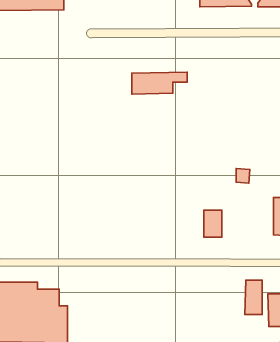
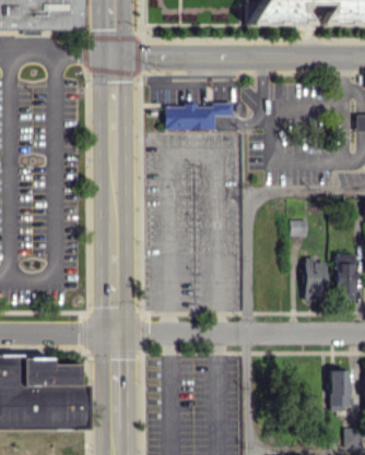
building: [204,210,222,237] -> [306,267,328,300]
building: [245,280,262,314] -> none

